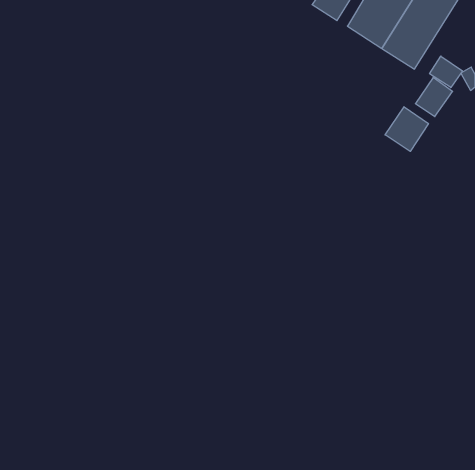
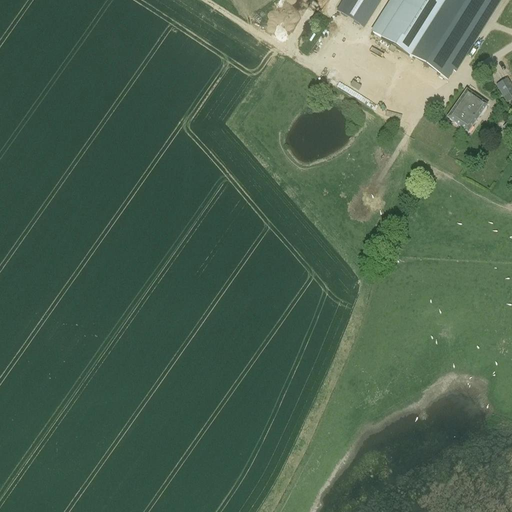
building: [430,56,462,88] -> none
building: [385,107,428,151] -> none

